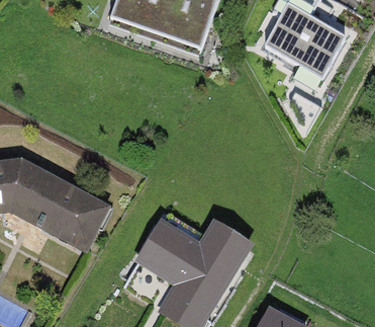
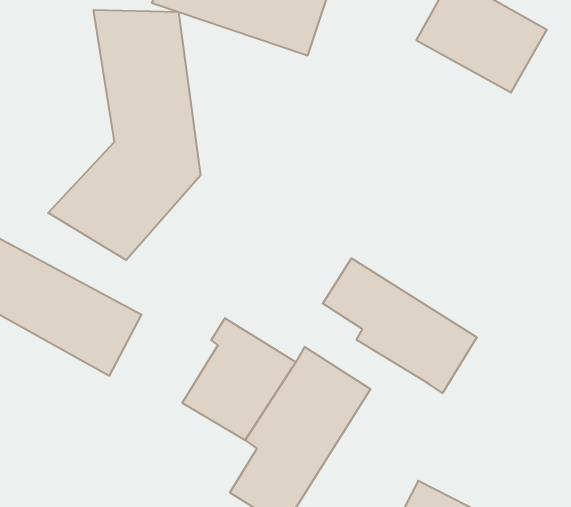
building: none -> [48,10,201,260]
building: none -> [323,258,477,393]

